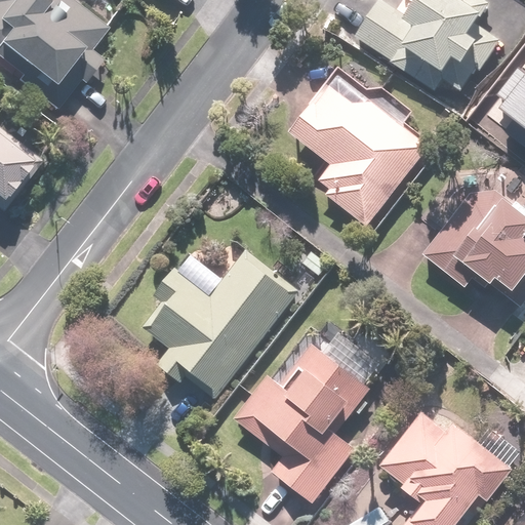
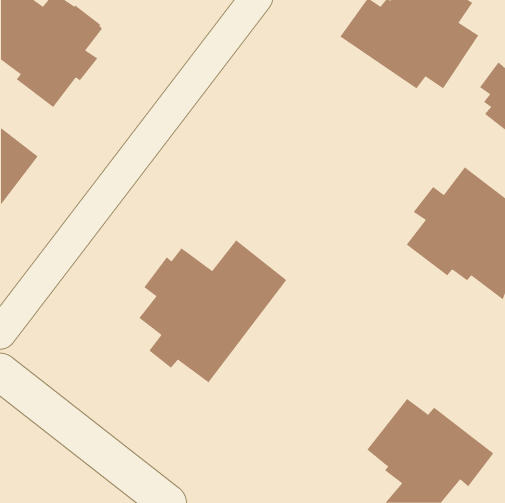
building: [287,69,432,230] -> none
building: [229,325,388,503] -> none

